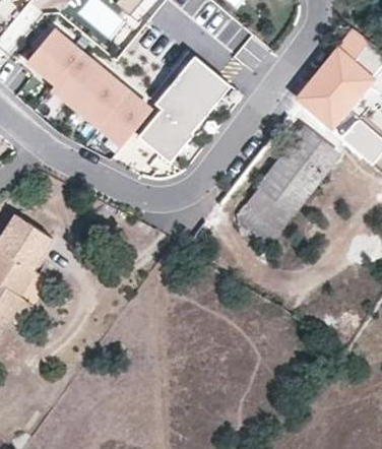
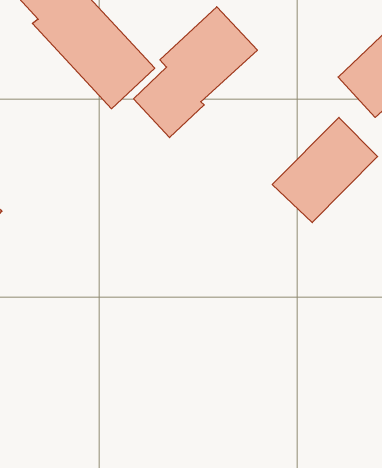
building: [234,187,294,248] -> none

